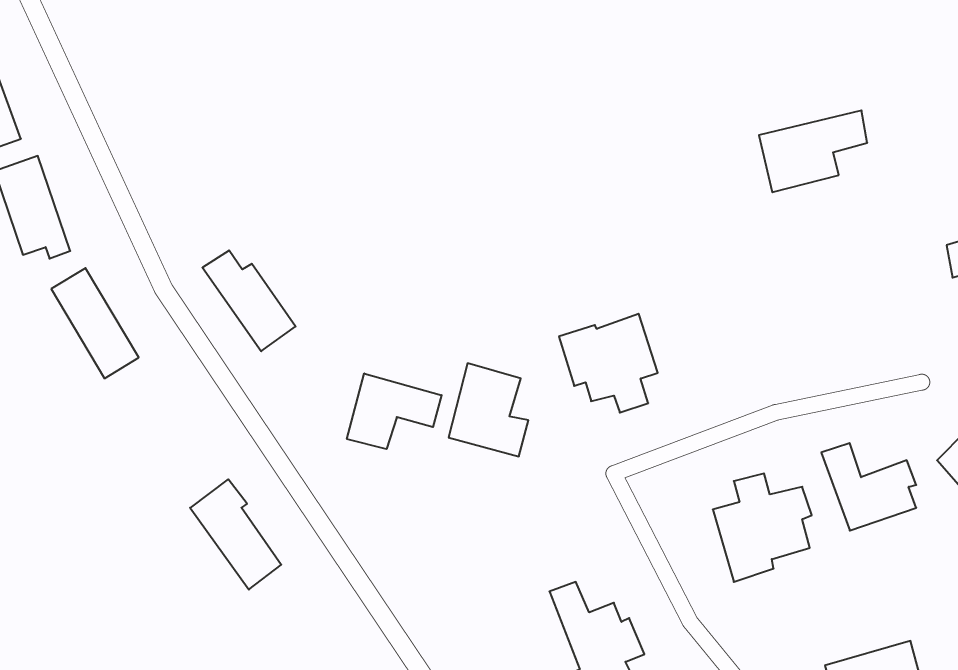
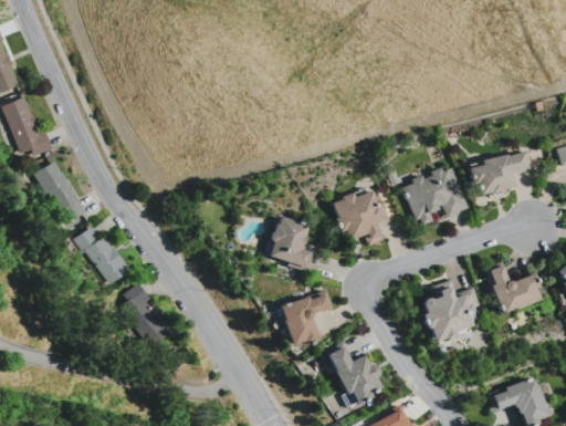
building: [759,110,867,192] -> [469,149,532,197]
building: [202,250,296,351] -> [76,227,130,285]
building: none -> [403,167,468,226]
building: [347,373,442,449] -> none
building: none -> [280,291,332,346]

